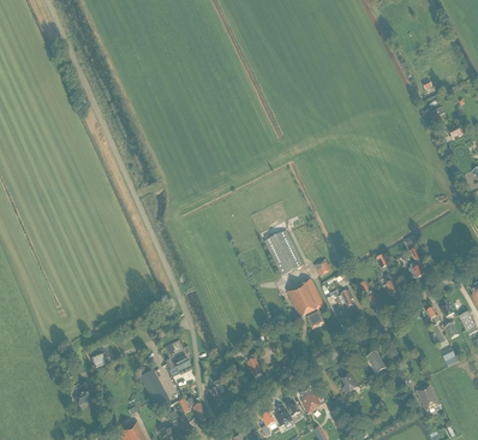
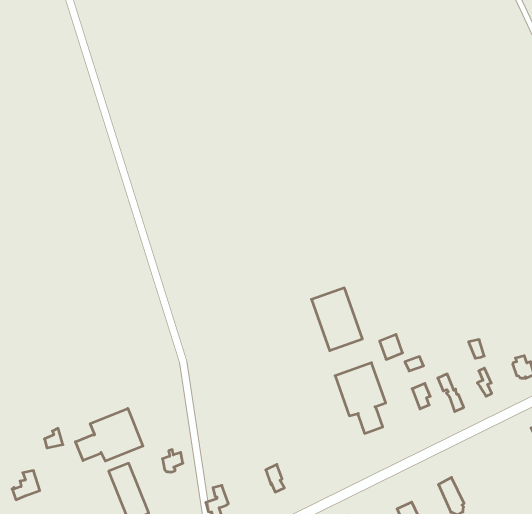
building: none -> [75,408,143,461]

